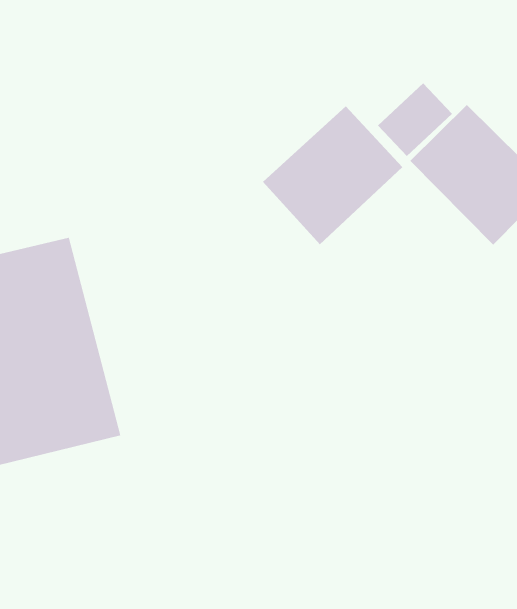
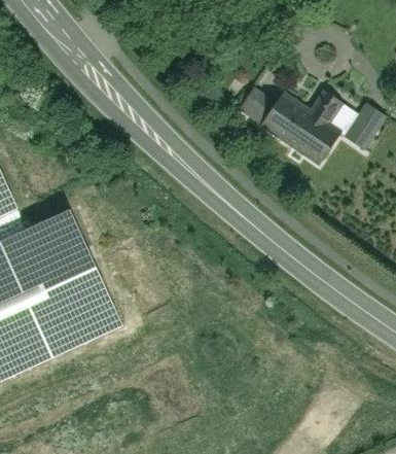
building: [262,106,403,245] -> none

